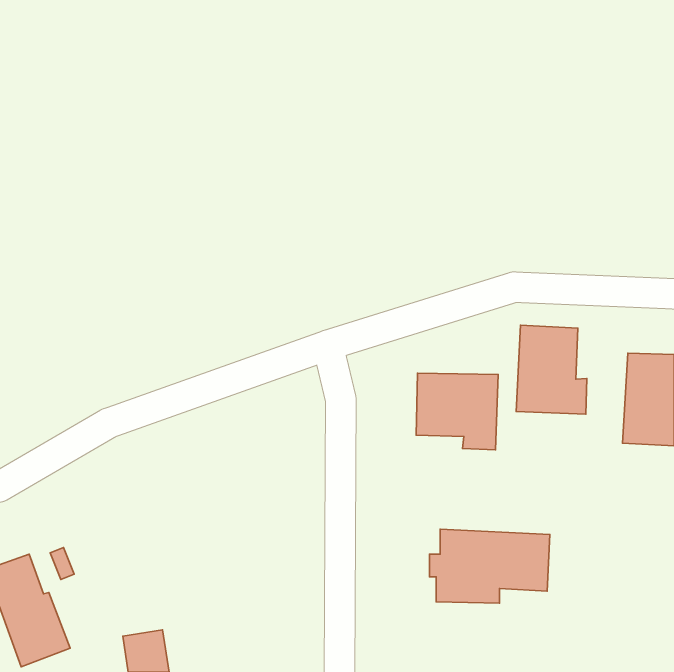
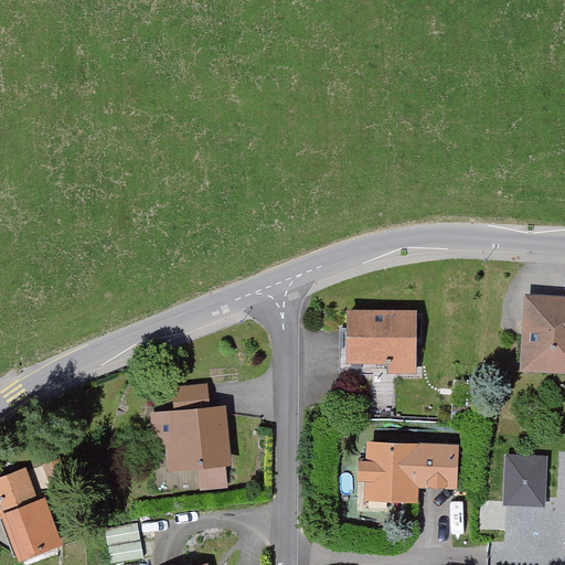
building: [516,325,587,414] -> none
building: none -> [163,387,232,473]
building: none -> [502,450,546,502]

